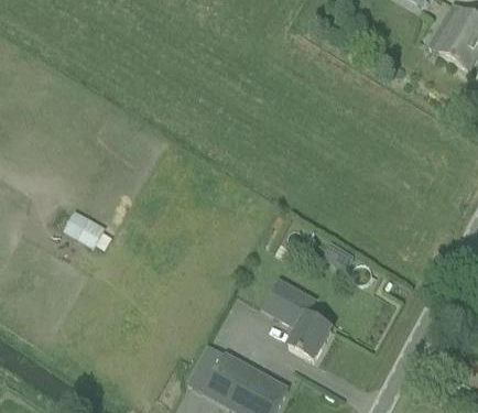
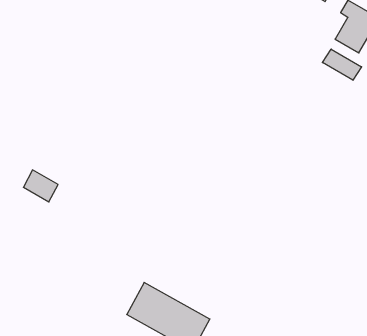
building: none -> [322,49,362,80]
building: [262,278,330,359] -> none

